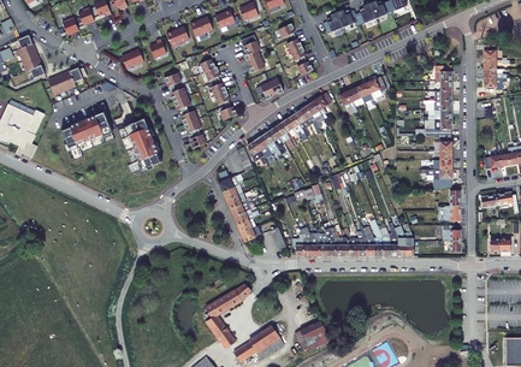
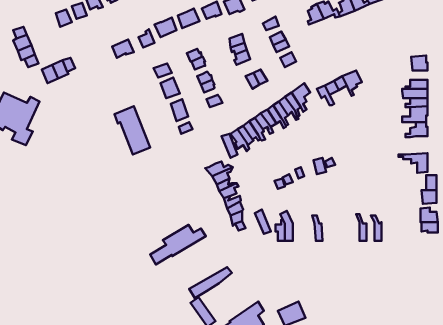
building: [61,111,113,147] -> none
building: none -> [150,225,206,264]

